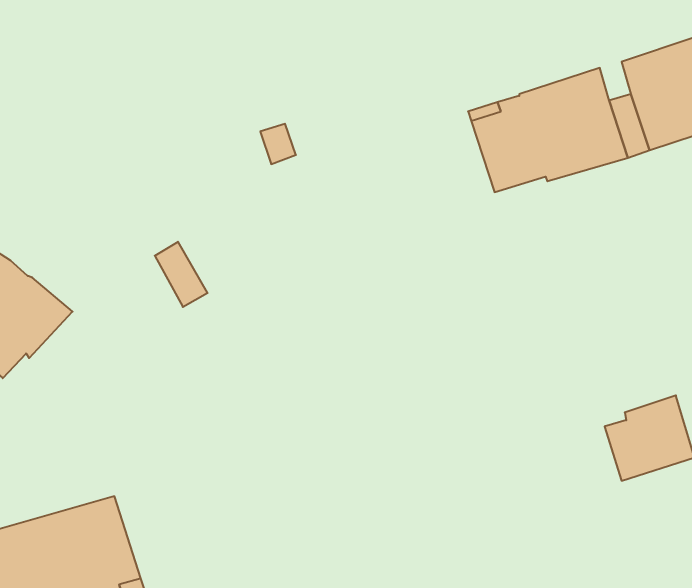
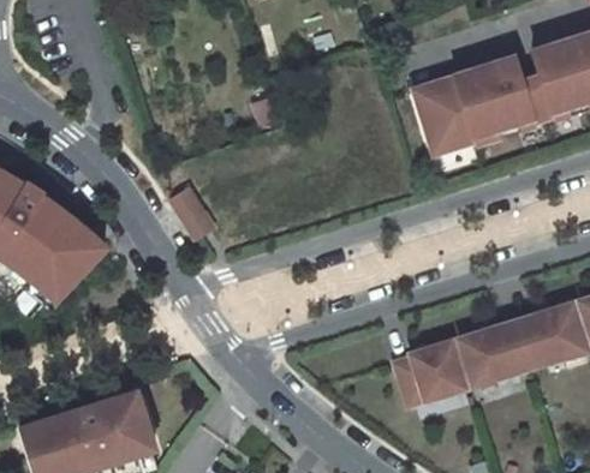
building: none -> [459,331,531,391]
building: none -> [395,346,466,411]

